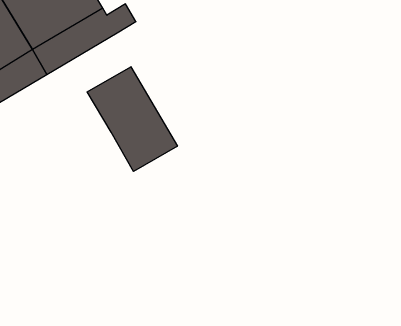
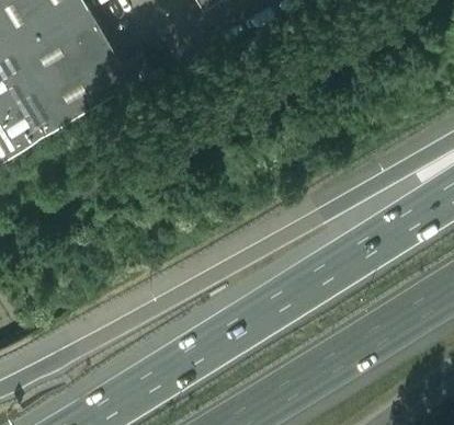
building: [87,67,177,171] -> none

